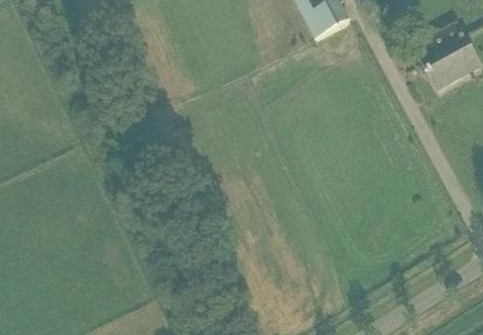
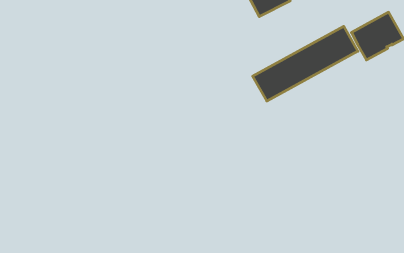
building: none -> [253,26,358,101]

